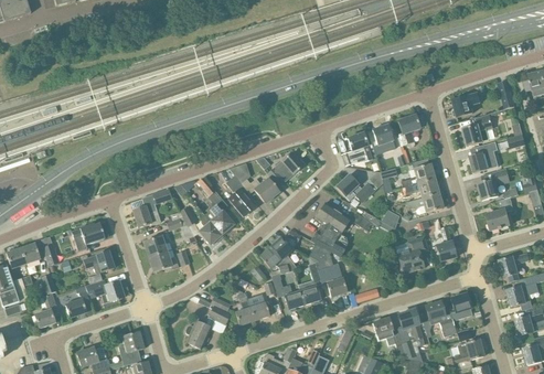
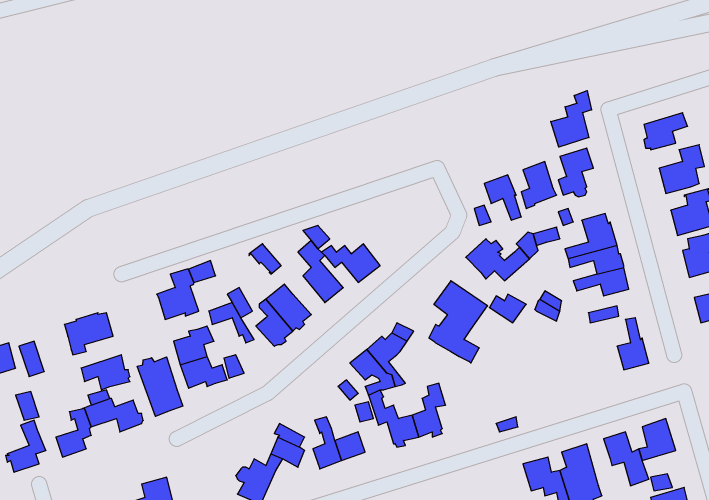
building: none -> [551,91,592,147]
building: [267,152,302,184] -> none
building: [396,236,427,274] -> none
building: [309,242,346,296] -> none
building: none -> [137,357,183,416]

